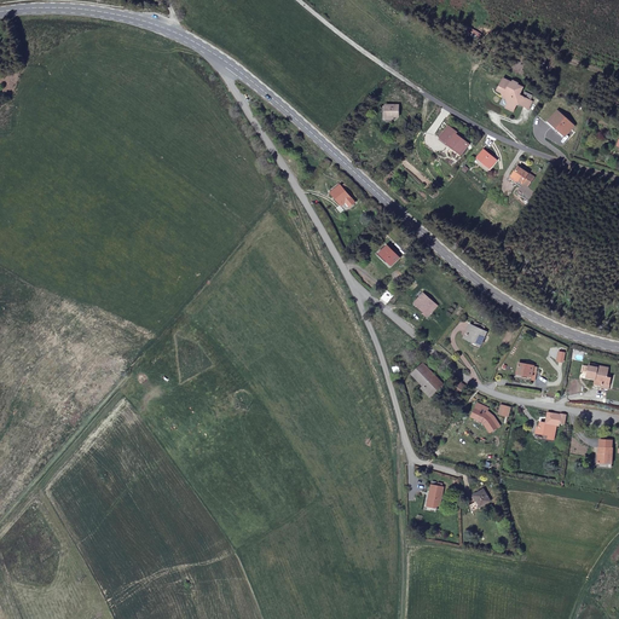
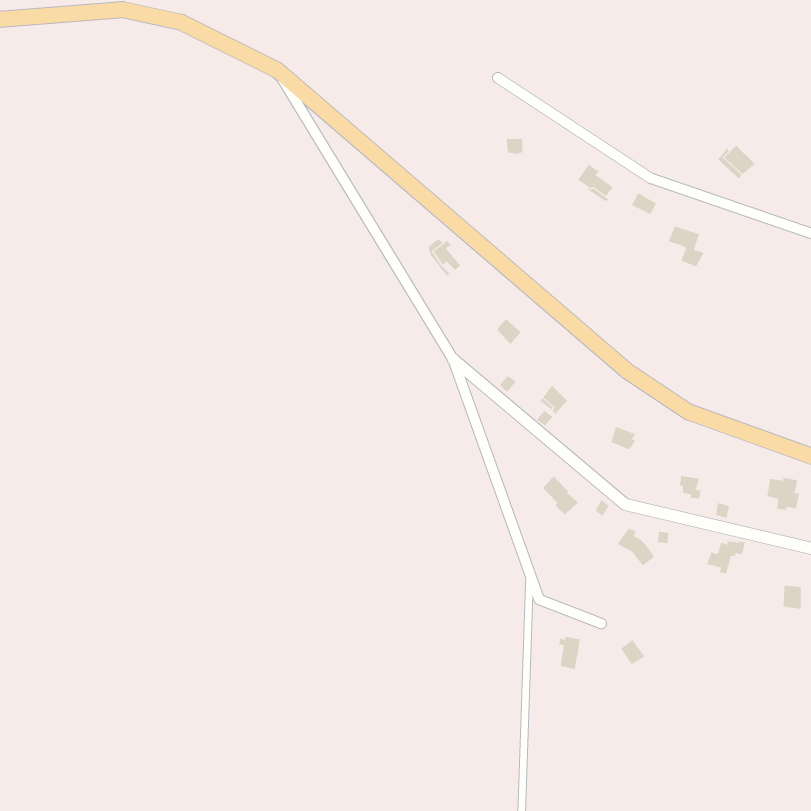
building: [498,79,533,110] -> none

